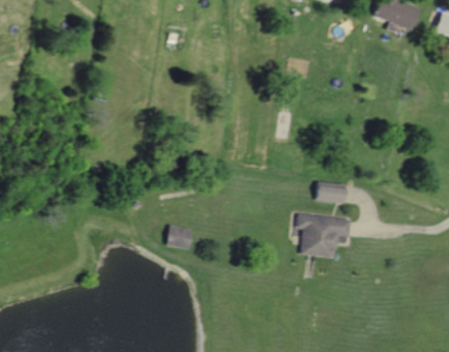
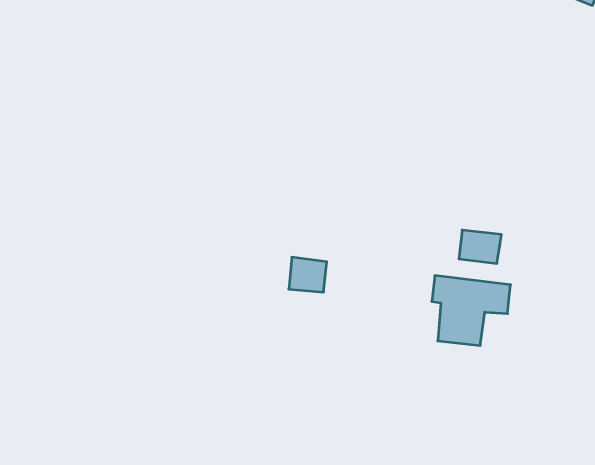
building: [167,227,193,250] -> [289,257,327,292]

